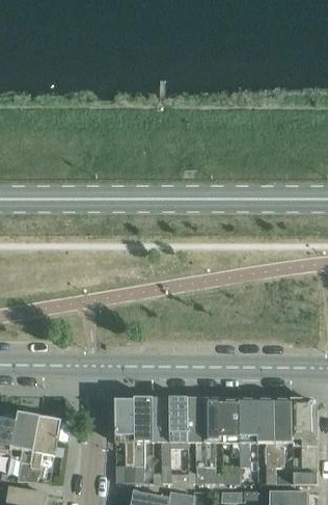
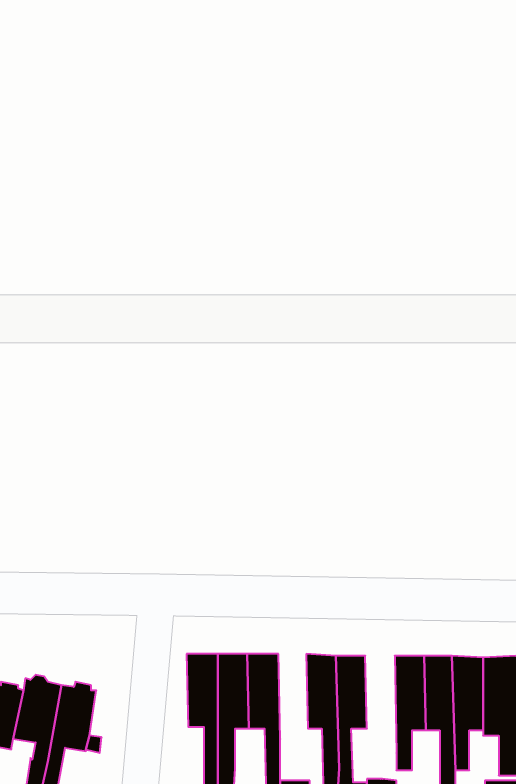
building: [169,398,188,449] -> none
building: [221,399,240,457] -> none

